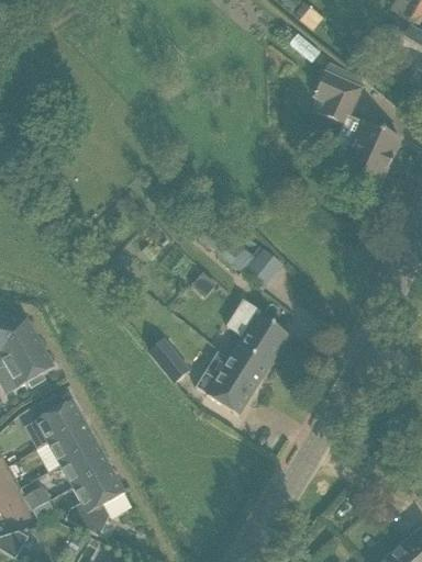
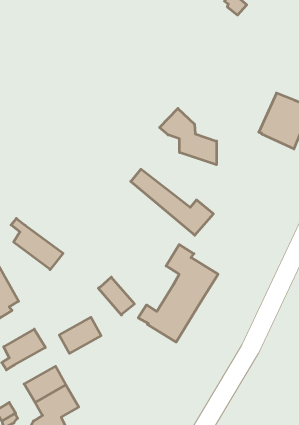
building: [313,70,362,124] -> none
building: none -> [160,108,217,165]
building: none -> [11,218,63,270]
building: [47,422,97,464] -> [59,317,101,353]

